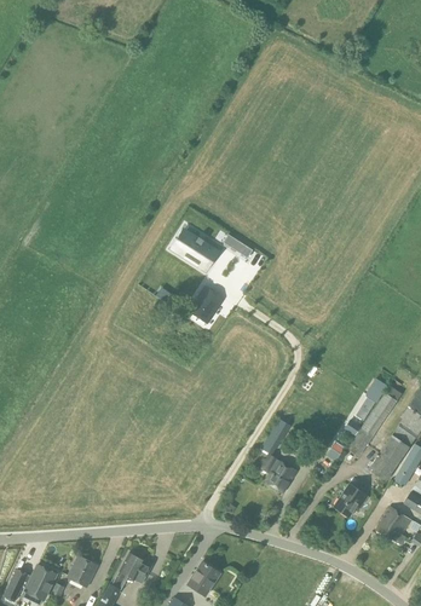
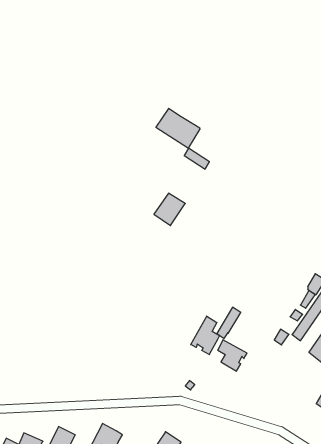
building: [169,226,220,272] -> [156,108,200,148]
building: none -> [191,316,220,355]
building: [334,484,368,516] -> none

